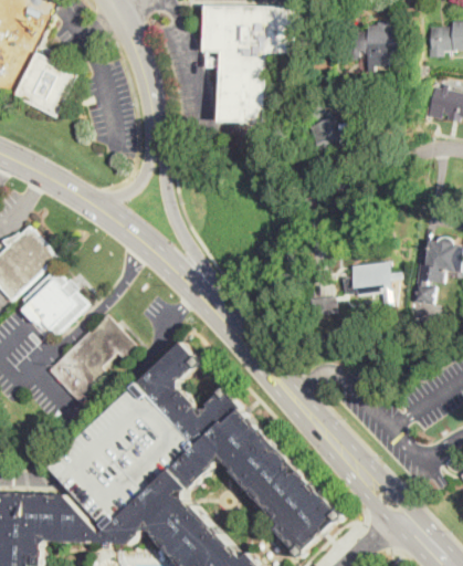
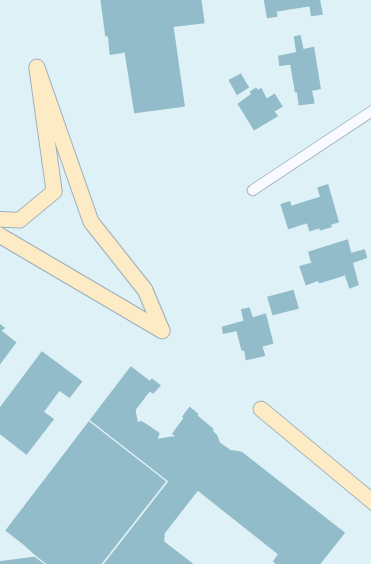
building: none -> [278,34,322,106]
building: none -> [279,183,340,232]
building: none -> [221,306,274,361]

